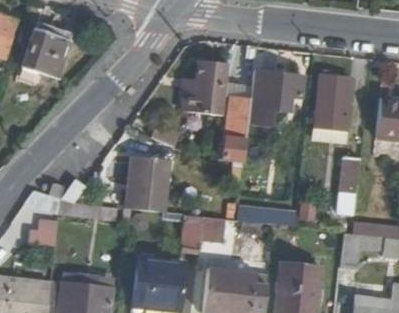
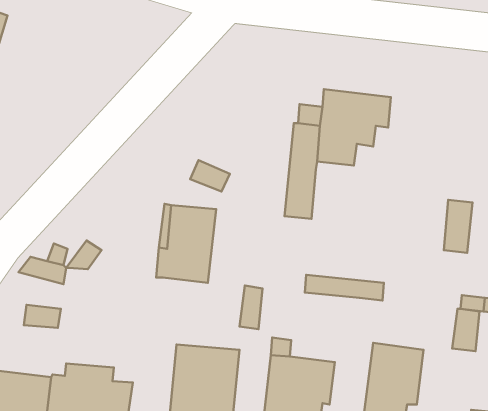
building: [24,19,74,78] -> none
building: [179,63,225,120] -> none
building: [312,74,345,128] -> none

